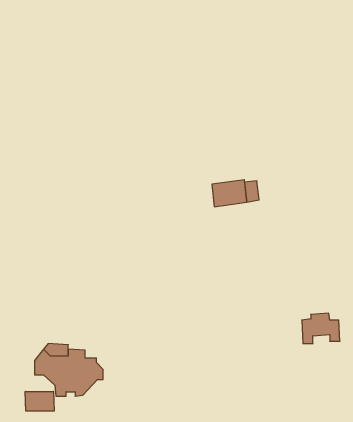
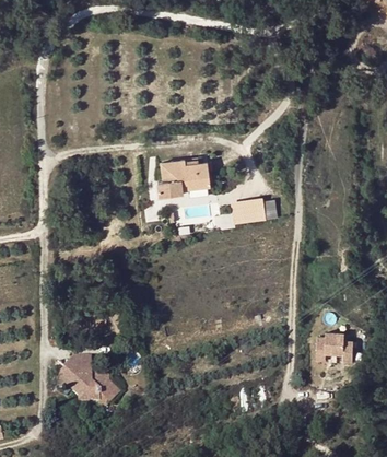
building: none -> [156,160,209,196]
building: [25,391,54,411] -> none

